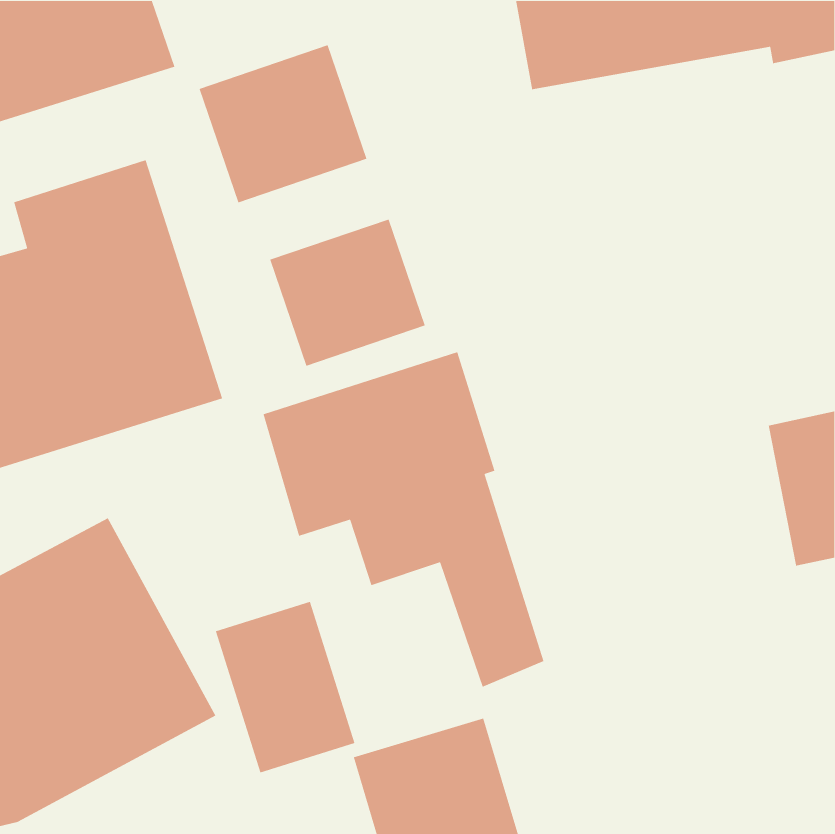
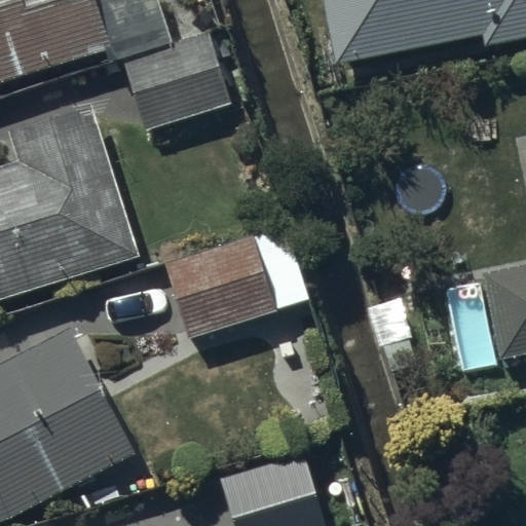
building: [269,218,426,367] -> none
building: [215,601,355,774] -> none

